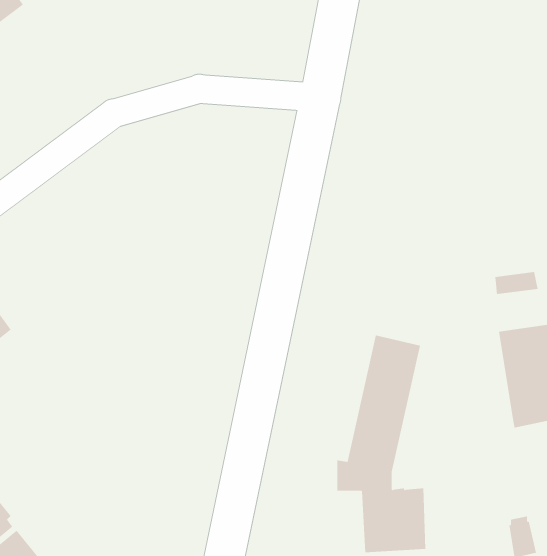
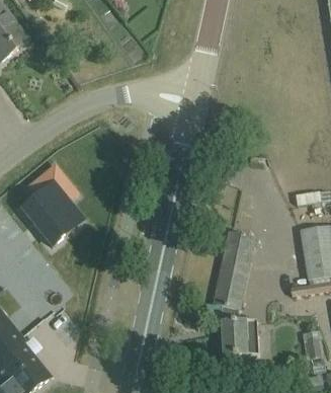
building: none -> [21,164,83,245]

